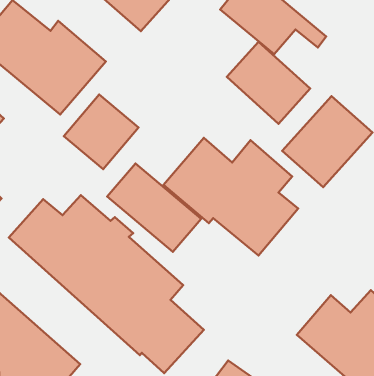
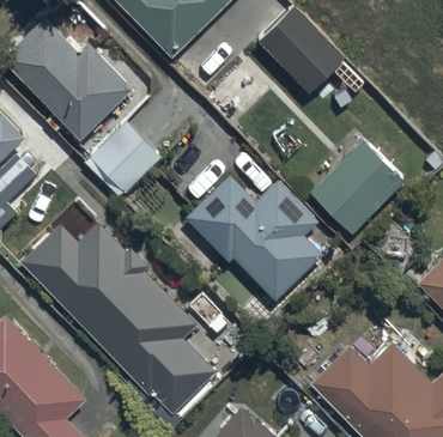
building: [227,42,310,124] -> none
building: [107,163,201,252] -> none

